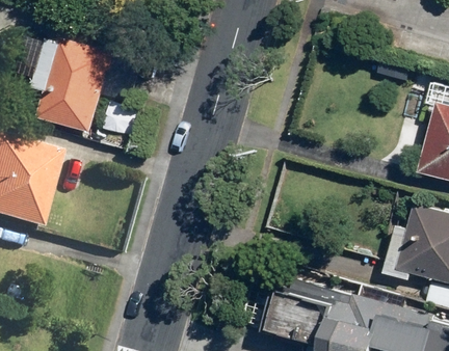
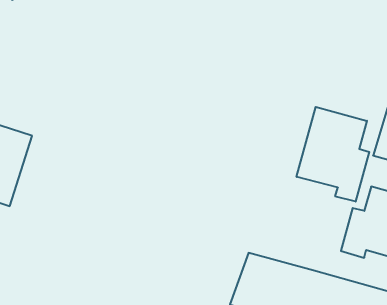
building: [37,39,110,134] -> none
building: none -> [297,107,369,202]

